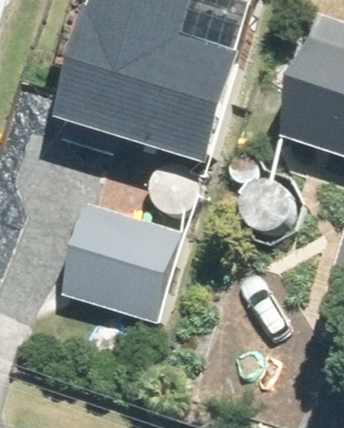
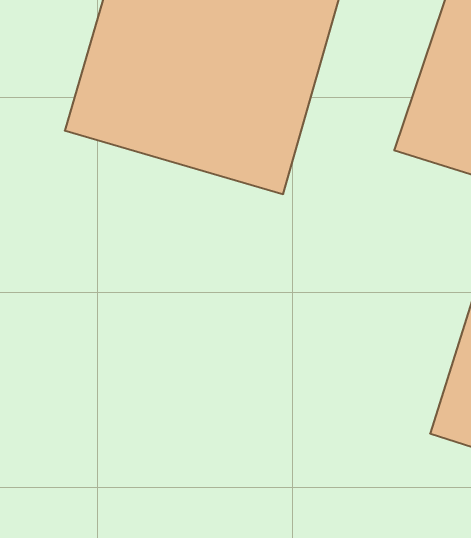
building: [55,200,176,315] -> none

